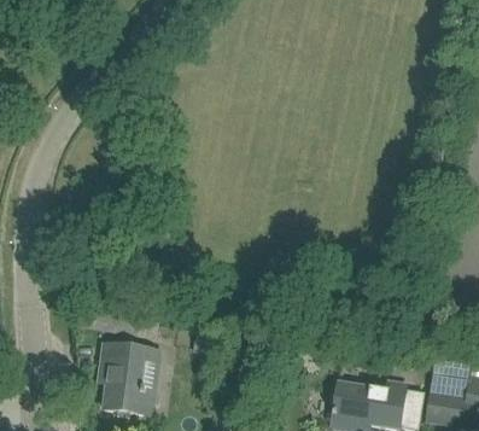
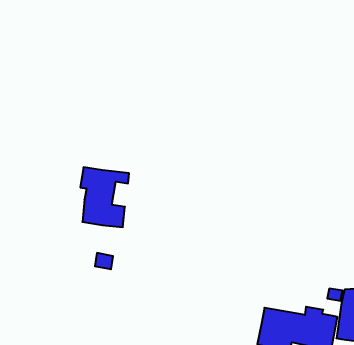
building: [101,343,159,414] -> [80,167,129,227]

